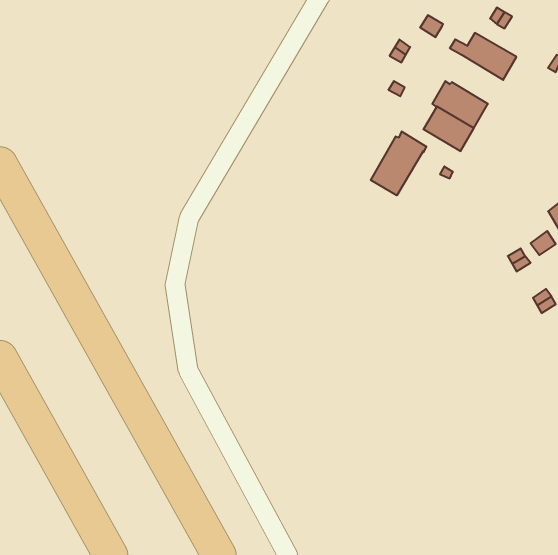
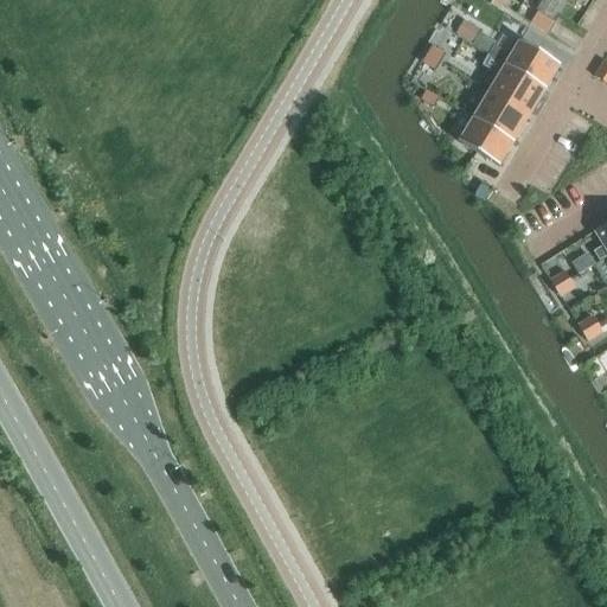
building: none -> [487,59,547,113]
building: [371,131,426,195] -> none

